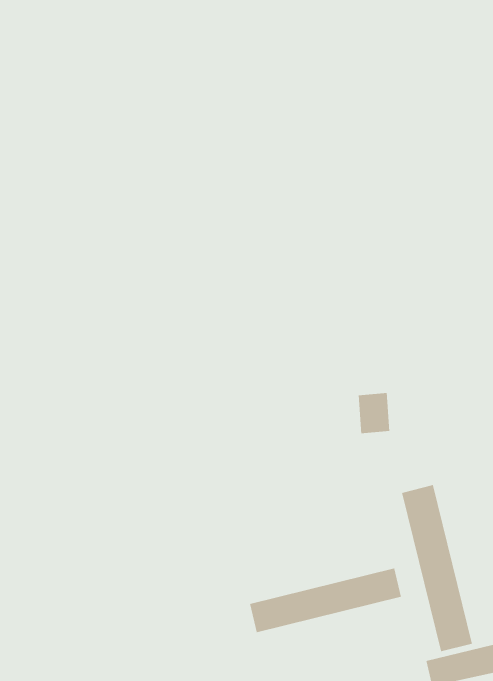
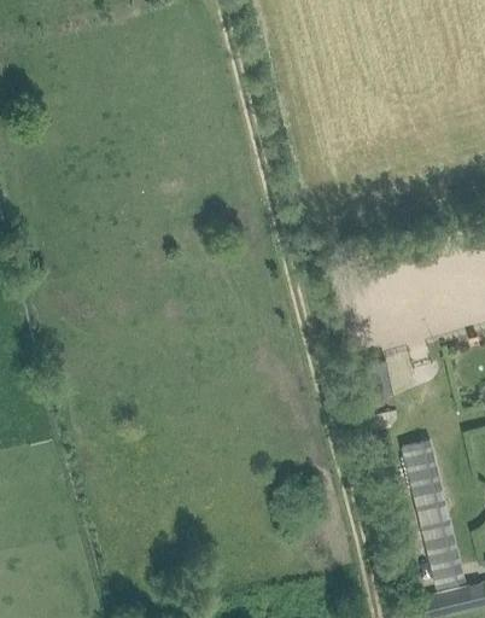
building: [249,568,402,633] -> none

